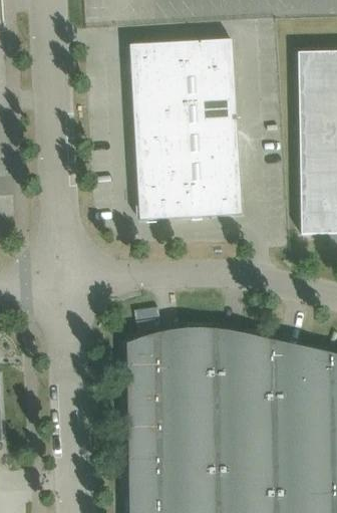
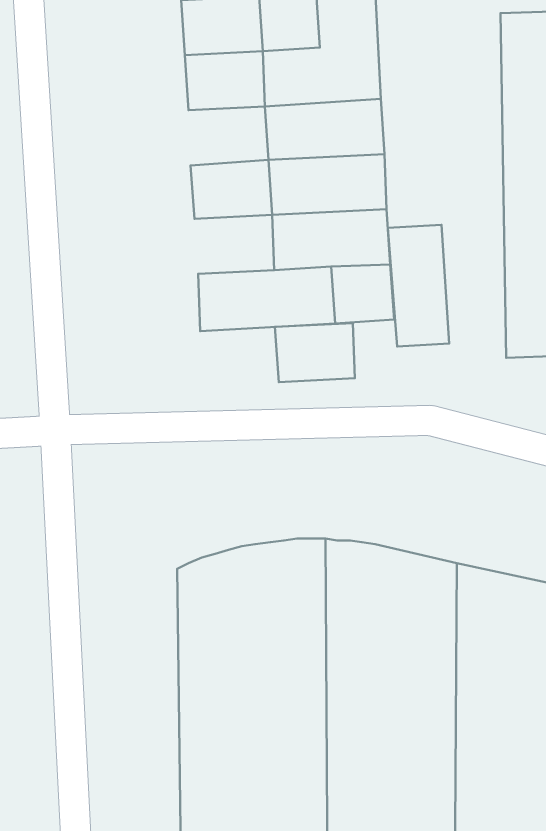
building: [133,101,176,133] -> none
building: [136,159,179,190] -> [275,323,355,382]
building: none -> [388,225,449,347]

